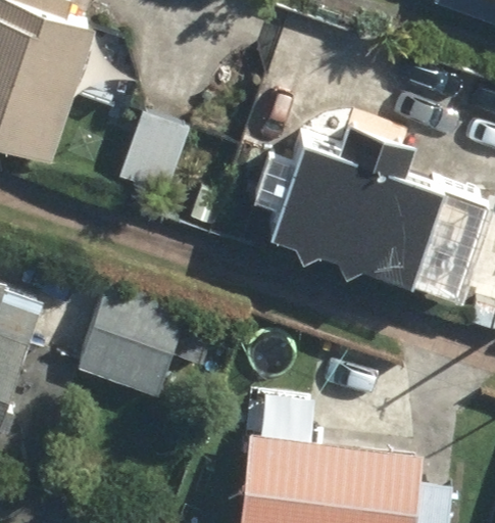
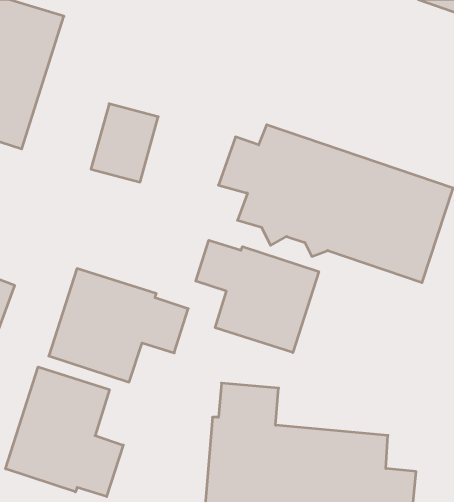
building: none -> [196,240,319,353]
building: none -> [6,367,123,497]

